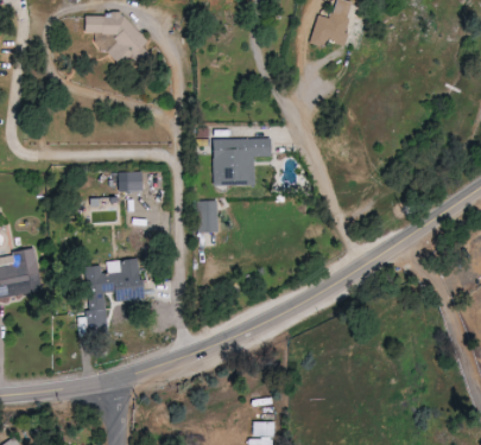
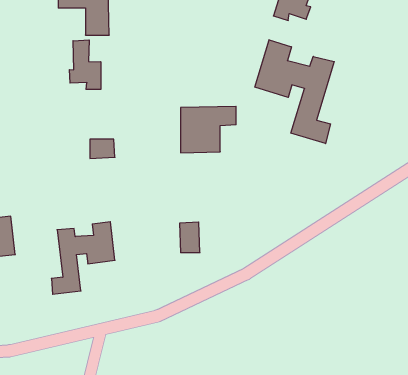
building: none -> [255,40,334,144]
building: none -> [69,40,101,89]
building: [197,201,219,233] -> [180,222,200,253]

